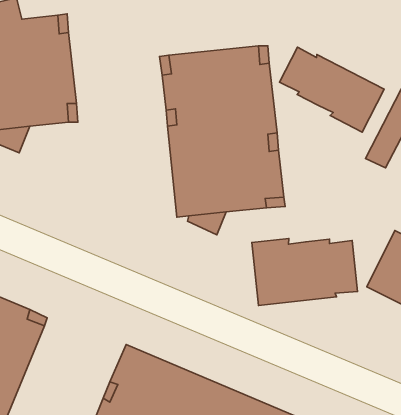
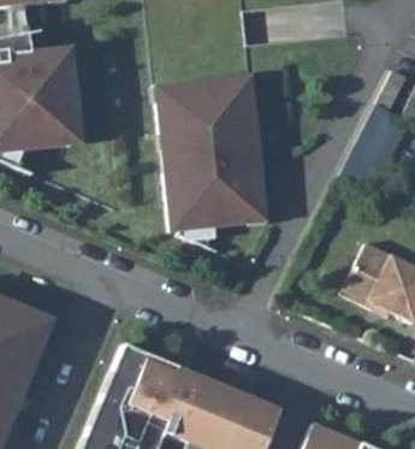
building: [279,47,384,132] -> none
building: [252,239,357,305] -> none

